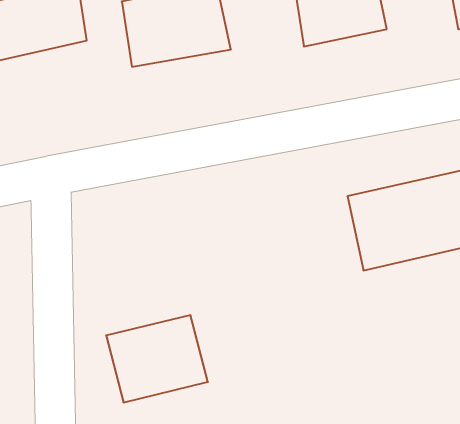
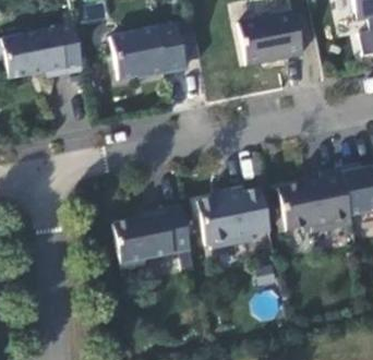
building: none -> [203,184,267,250]
building: [106,315,208,402] -> [119,205,195,271]

